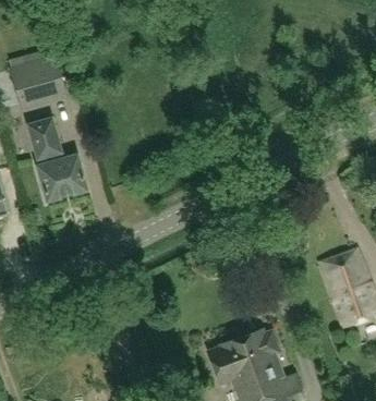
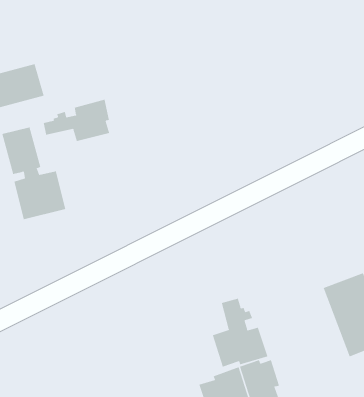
building: none -> [43,99,110,142]
building: none -> [212,298,268,368]

